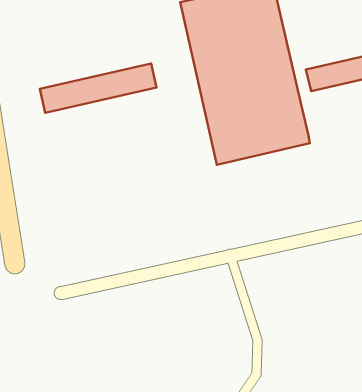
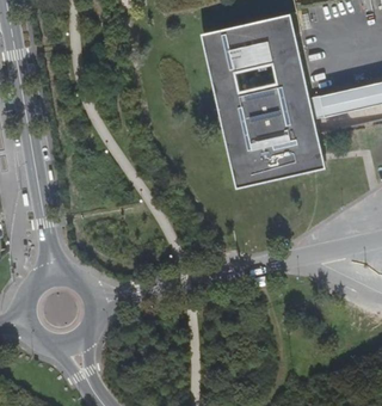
building: [40,64,156,113] -> none

